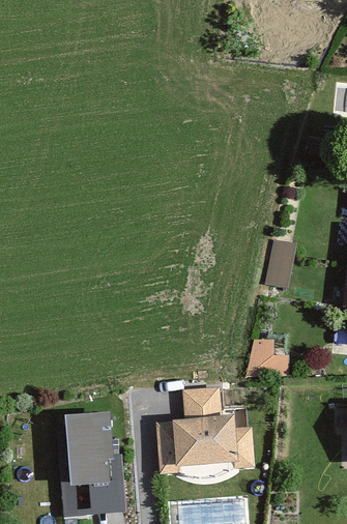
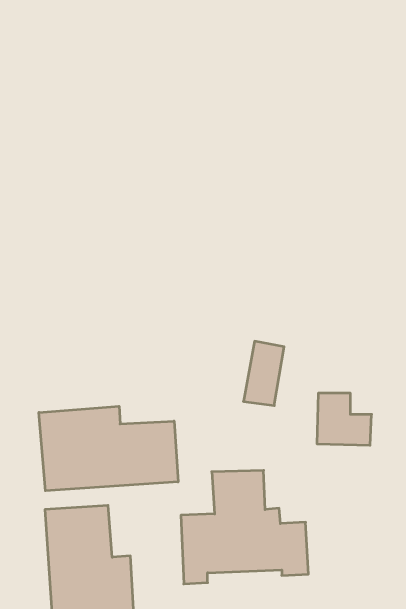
building: [268,239,298,287] -> [243,341,284,406]
building: none -> [39,406,178,491]

